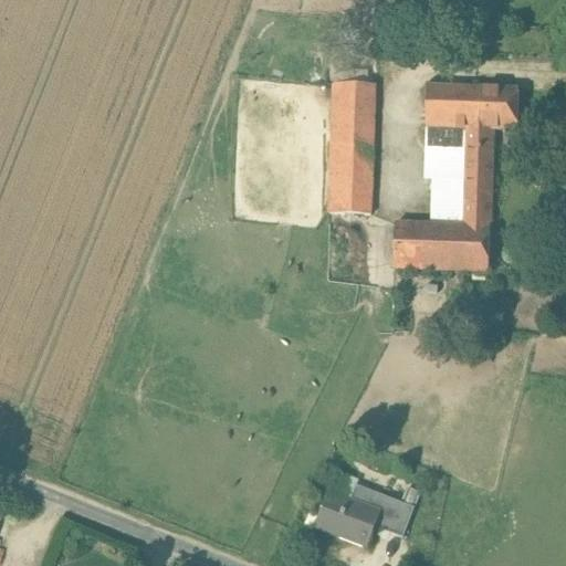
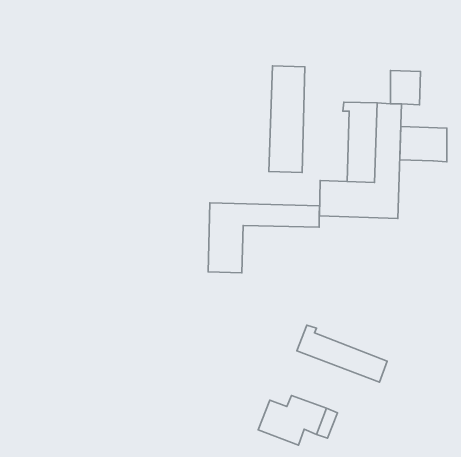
building: [421,84,479,127] -> [400,126,447,162]
building: none -> [208,203,320,273]
building: none -> [297,325,387,382]

